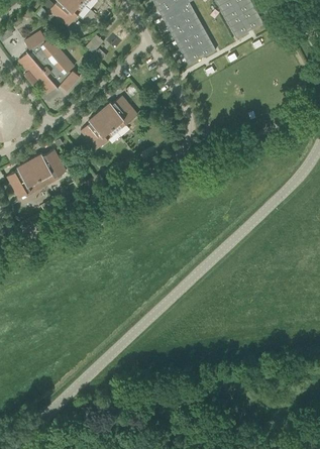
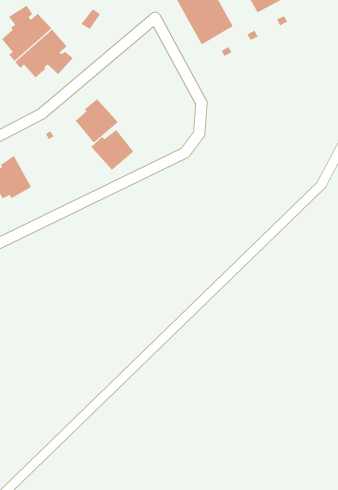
building: [100,95,137,130] -> [90,129,134,170]
building: [29,148,67,186] -> none

